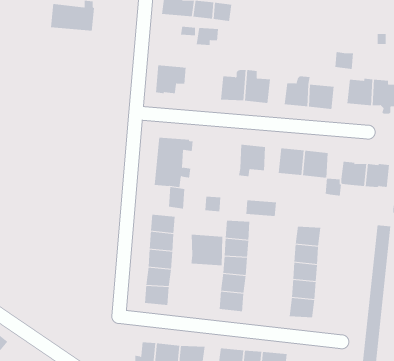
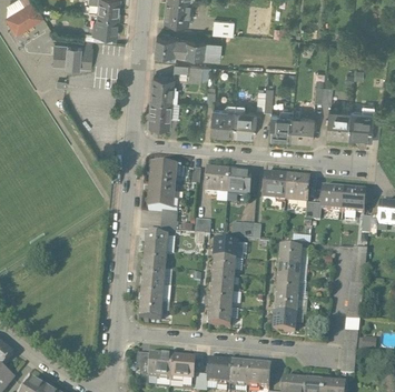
building: none -> [151,73,177,99]
building: none -> [206,169,228,192]
building: [191,234,223,266] -> none

